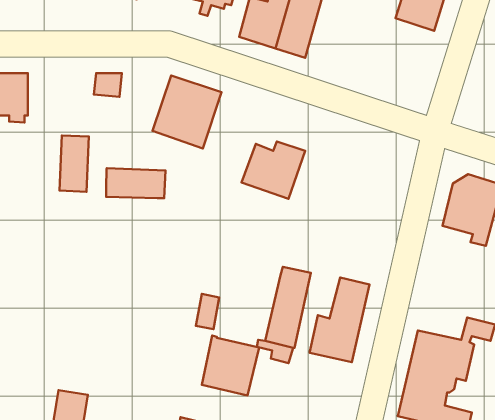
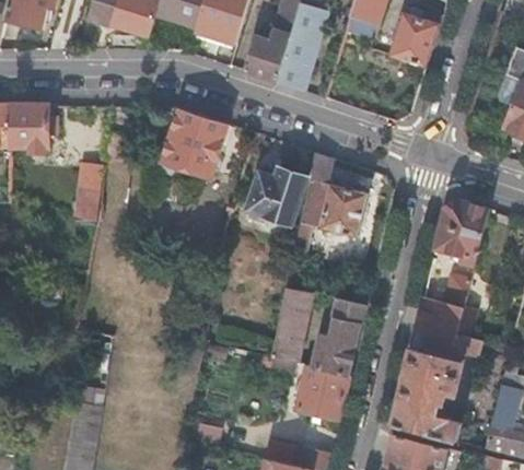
building: none -> [293,152,366,248]
building: [106,168,165,198] -> none
building: none -> [410,274,470,354]
building: [202,336,259,396] -> [295,364,349,420]

